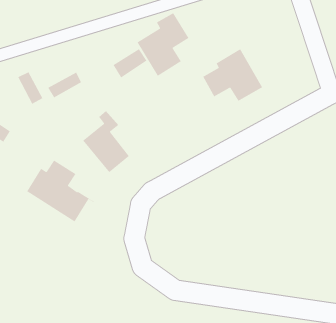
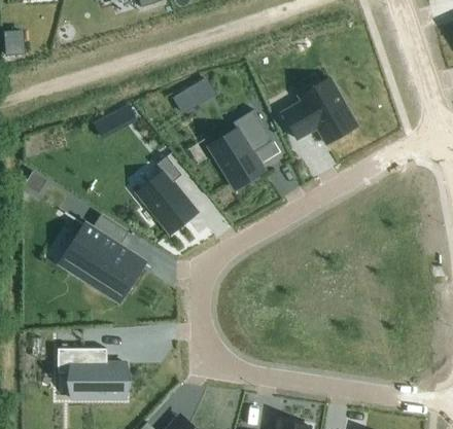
building: [137,12,189,77] -> [210,109,275,188]
building: [17,71,44,105] -> none
building: none -> [58,348,124,397]

